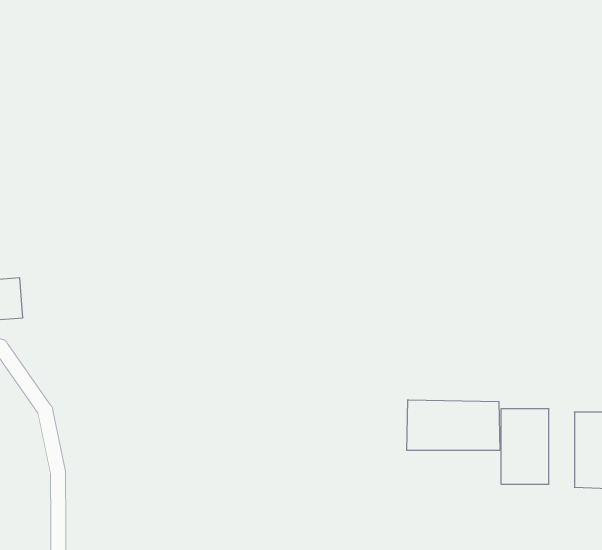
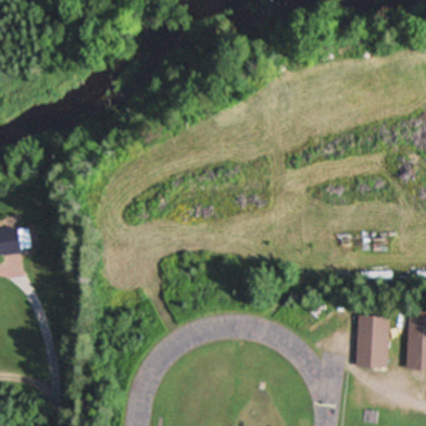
building: [407,400,500,450] -> none

